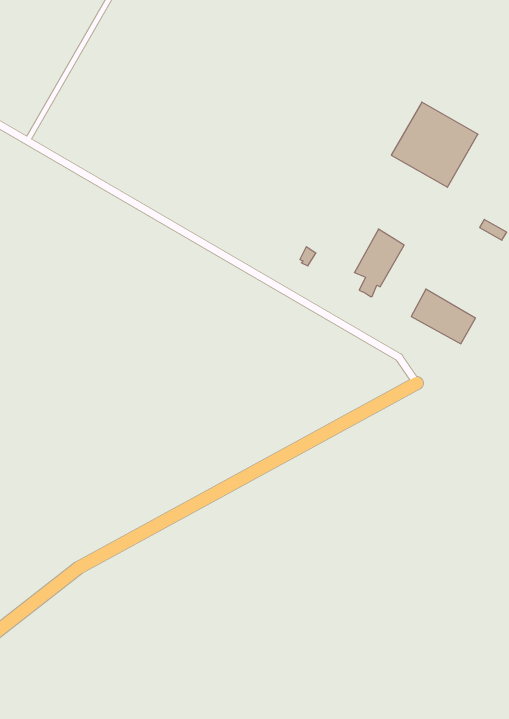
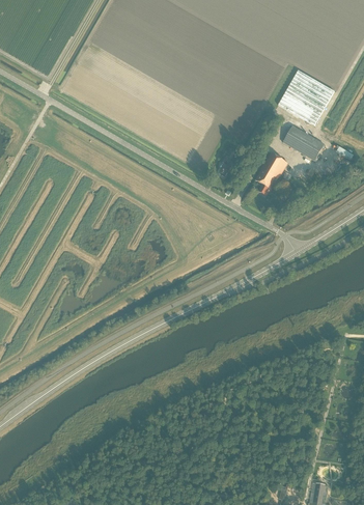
building: [411,289,475,344] -> [282,124,324,160]

